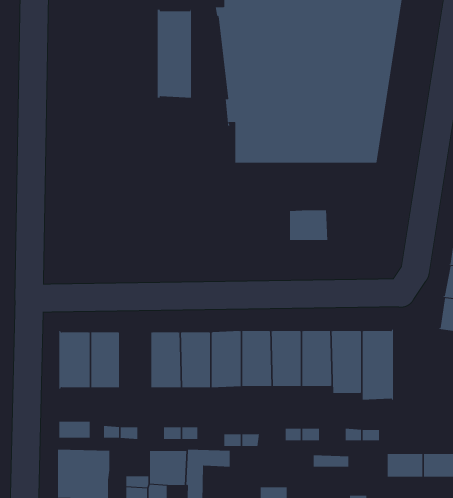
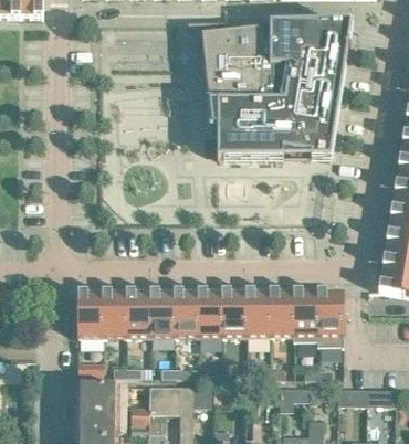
building: [157,9,192,98] -> none
building: [289,209,328,241] -> none
building: none -> [126,290,150,336]

